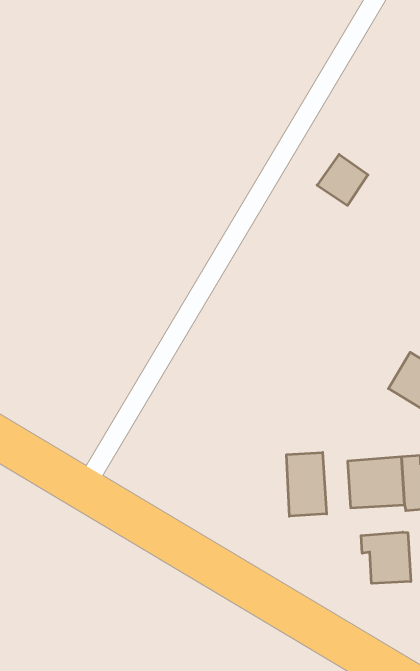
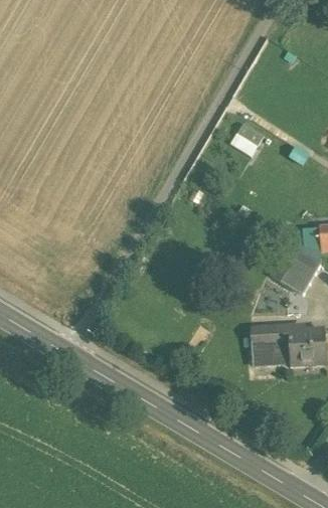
building: [287,452,327,516] -> none
building: [361,532,411,583] -> none

